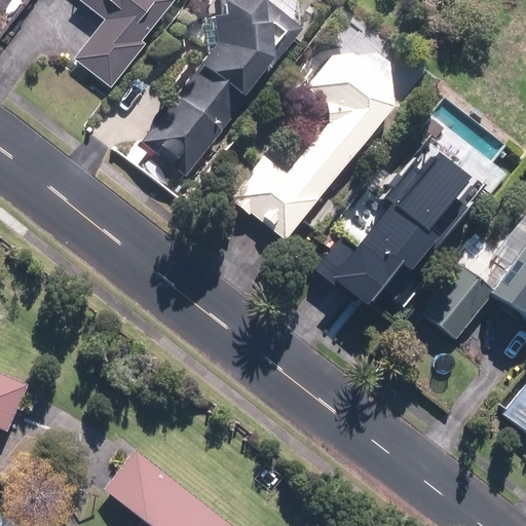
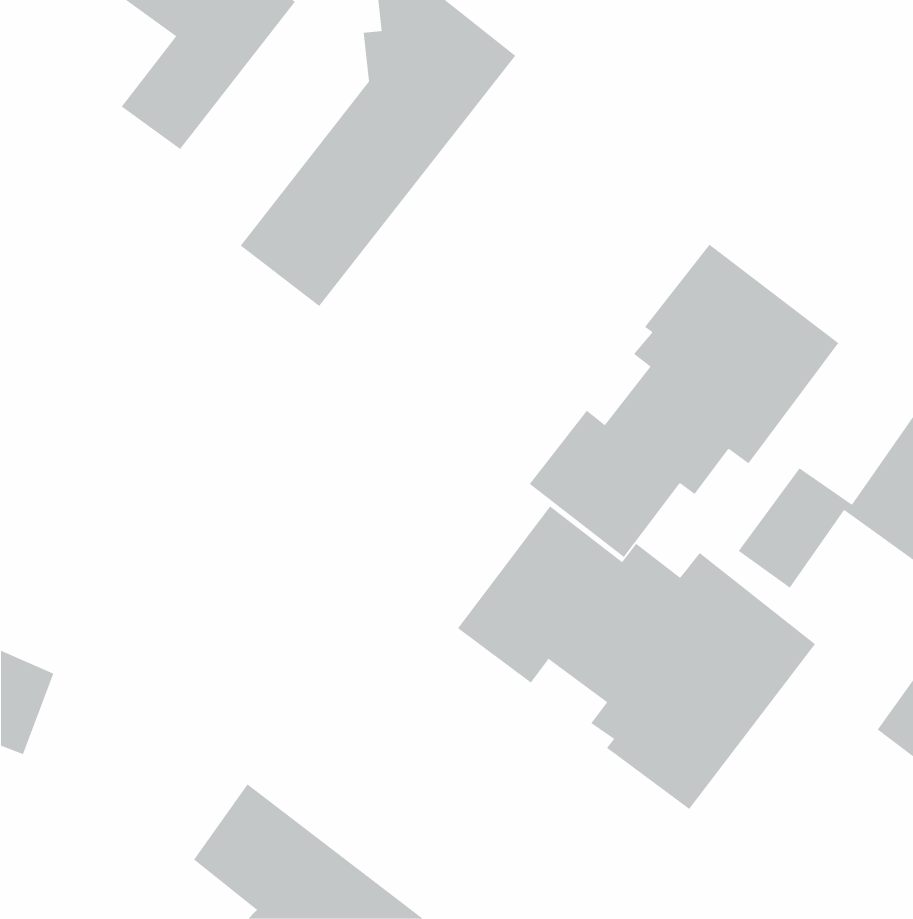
building: [231,59,388,240] -> none
building: none -> [457,505,816,810]

